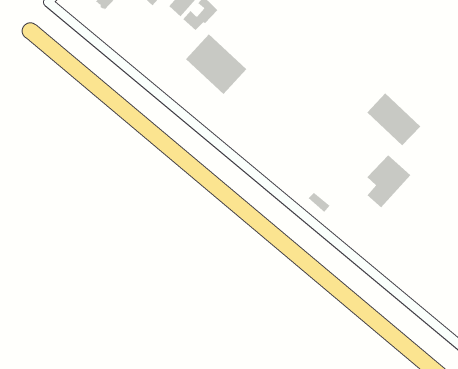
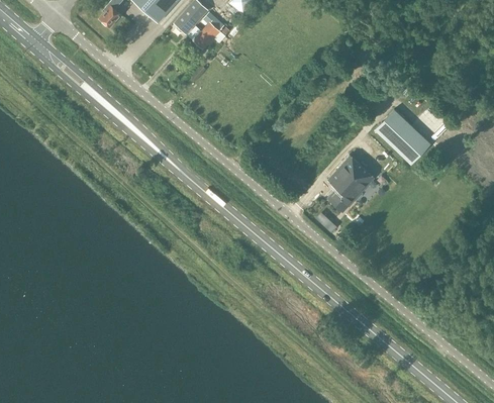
building: [185,34,247,95] -> none
building: [366,154,411,208] -> [328,157,374,211]

